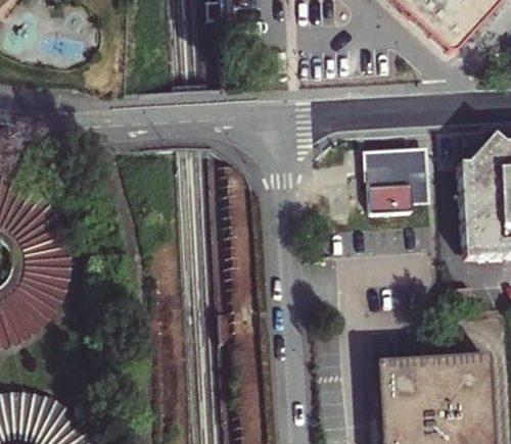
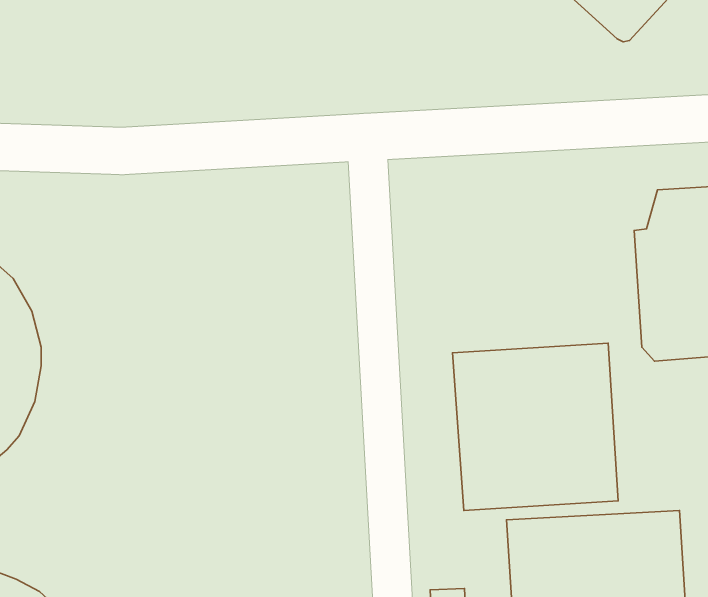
building: [368,140,430,209] -> none
building: none -> [452,343,618,511]

